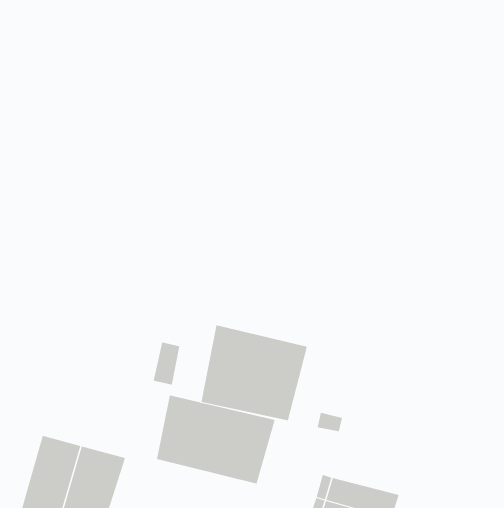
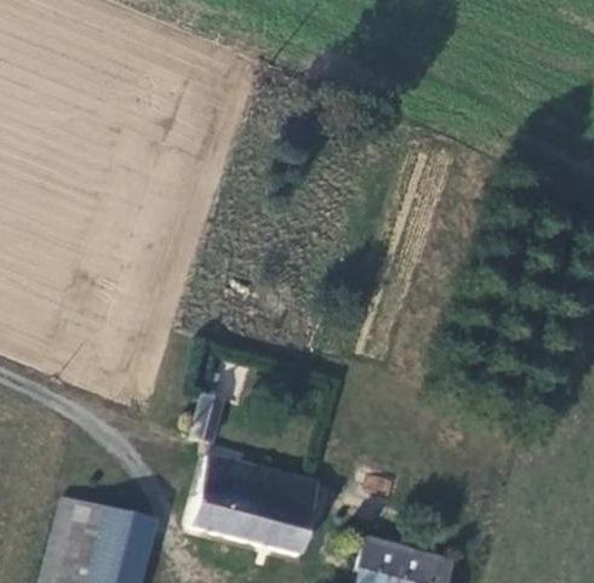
building: [201,325,307,421] -> none

